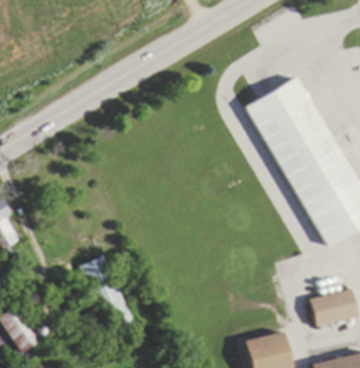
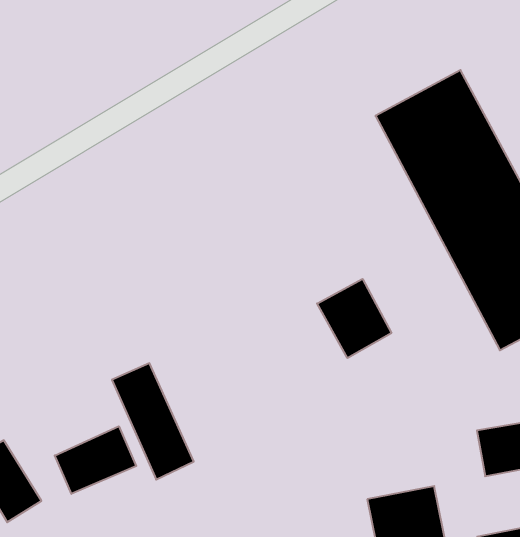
building: none -> [317,279,391,358]
building: none -> [55,426,136,494]

